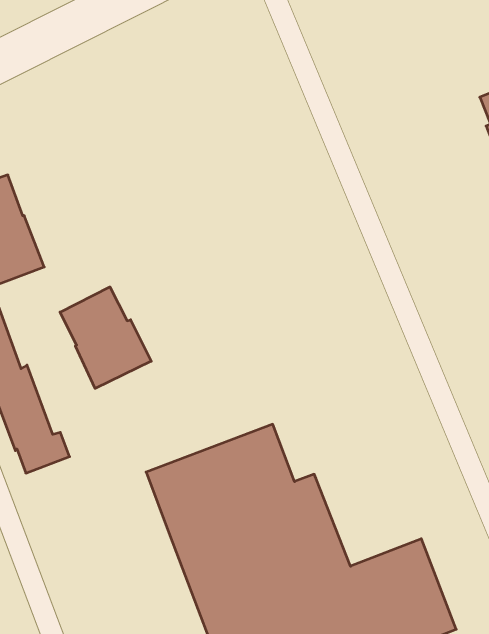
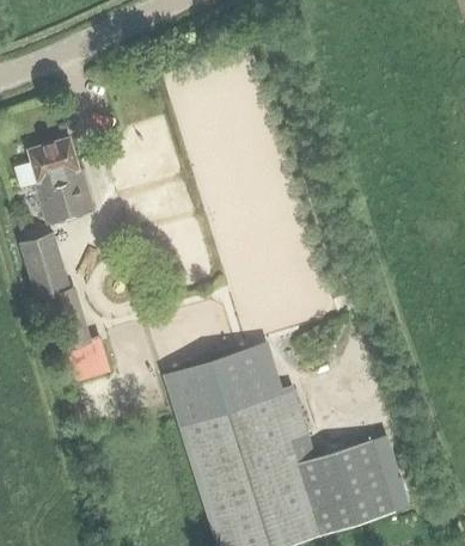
building: [60,287,151,388] -> none

